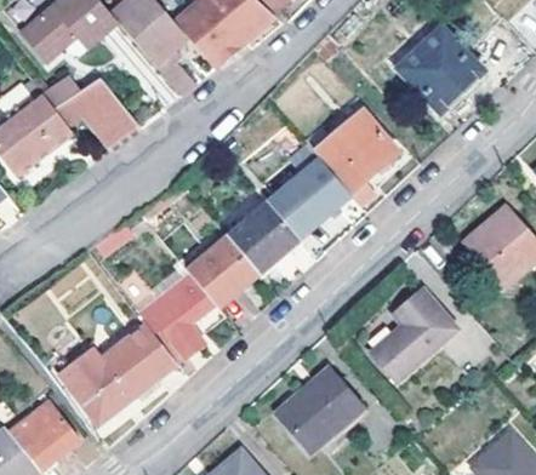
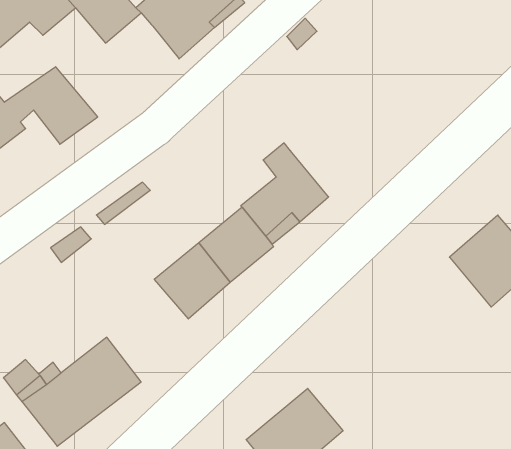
building: [144,23,195,92] -> none
building: [399,25,486,114] -> none
building: [315,110,400,205] -> none
building: [138,273,218,366] -> none
building: [369,292,457,384] -> none

